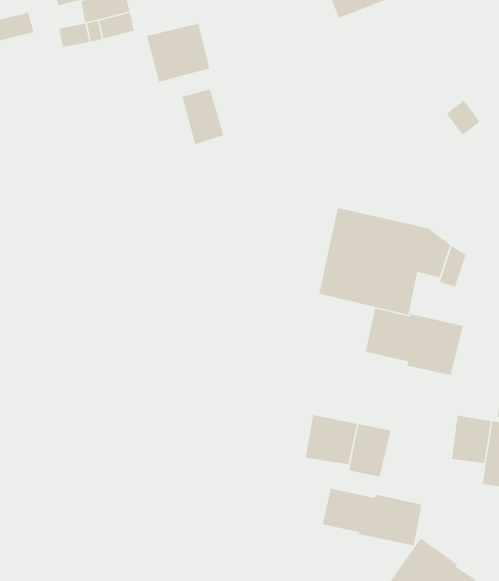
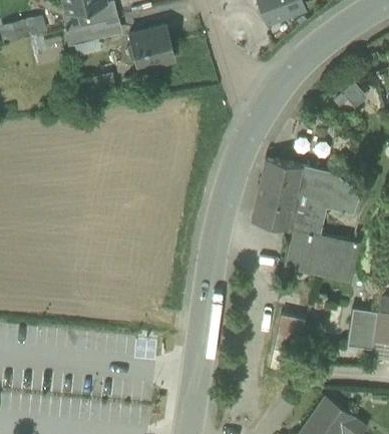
building: [181,88,225,145] -> none
building: [305,414,358,465] -> none
building: [322,488,422,546] -> none

